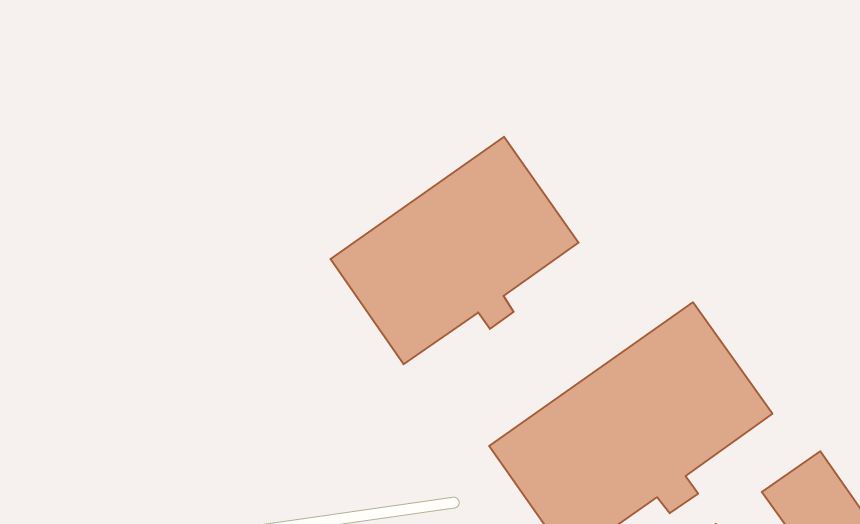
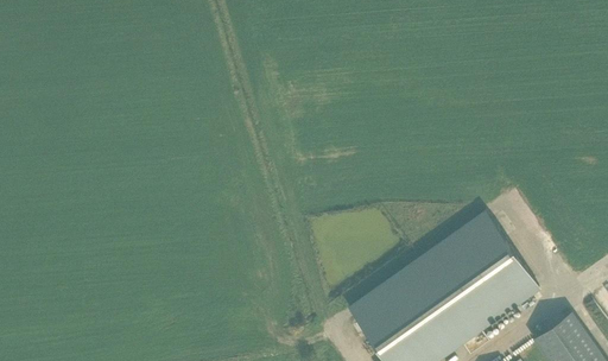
building: [330,137,579,364] -> none

